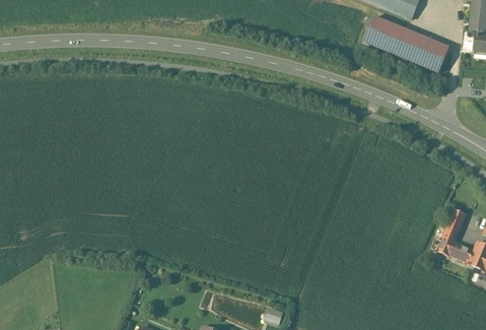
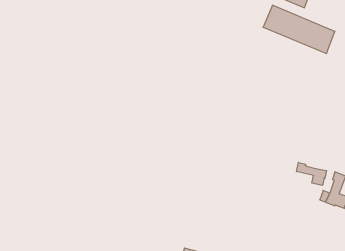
building: none -> [297,162,327,185]

